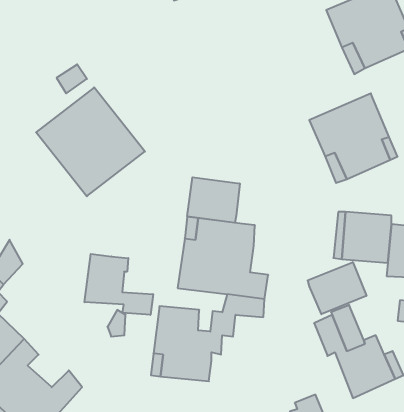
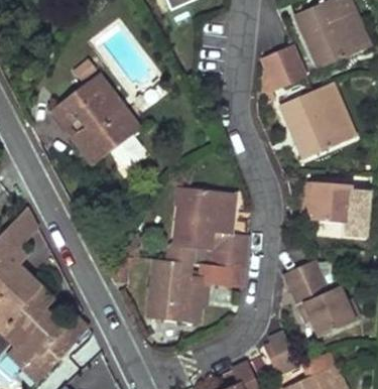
building: none -> [262,47,305,91]
building: [187,177,240,223] -> none
building: [85,254,153,315] -> none
building: [308,262,366,314] -> none

